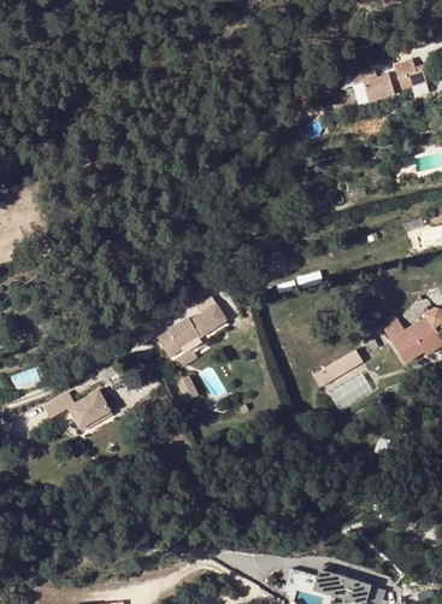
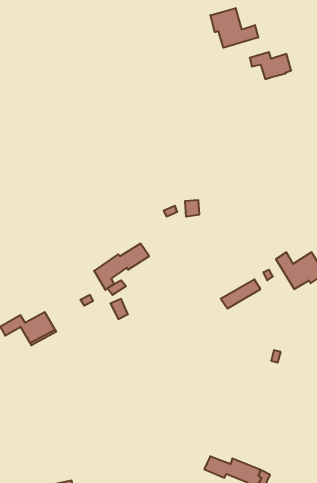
building: none -> [210,8,258,48]
building: [396,59,426,89] -> none
building: [331,373,373,407] -> none

